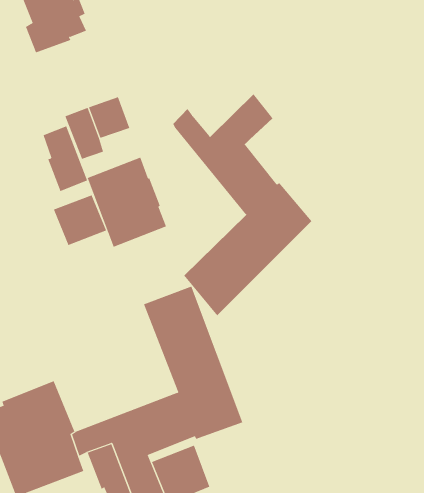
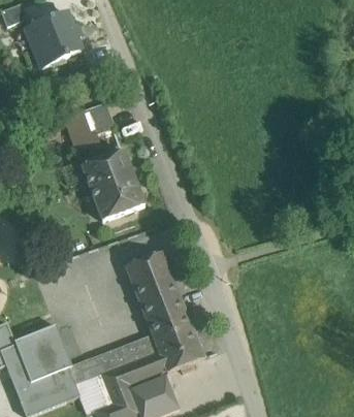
building: [172,94,312,316] -> none
building: [43,125,88,192] -> none
building: [53,194,107,246] -> none

